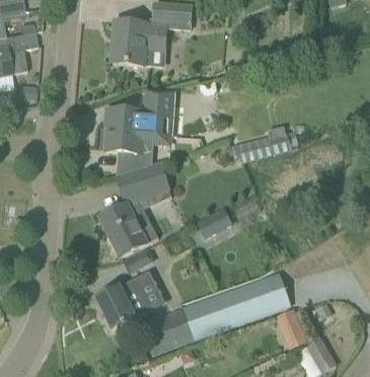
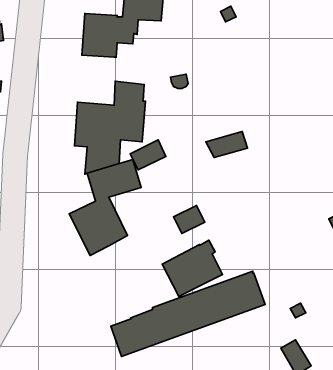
building: none -> [130,140,166,170]
building: [95,275,154,329] -> [162,240,223,296]
building: [276,309,306,348] -> none

